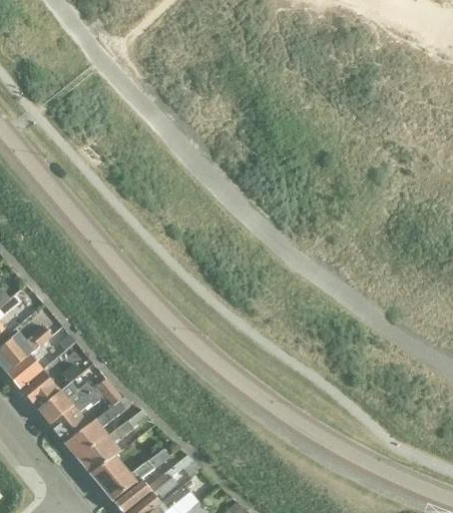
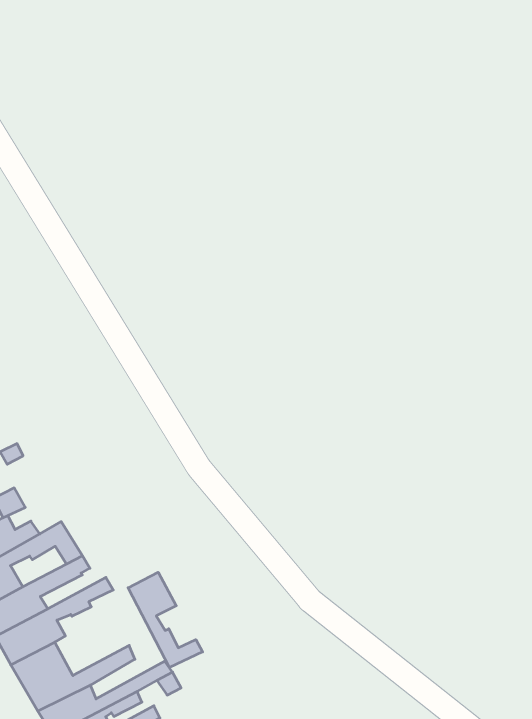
building: none -> [128,572,203,668]

